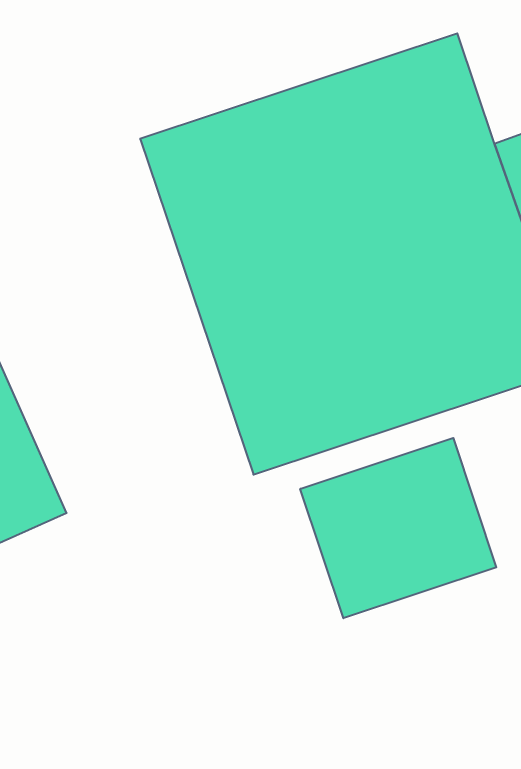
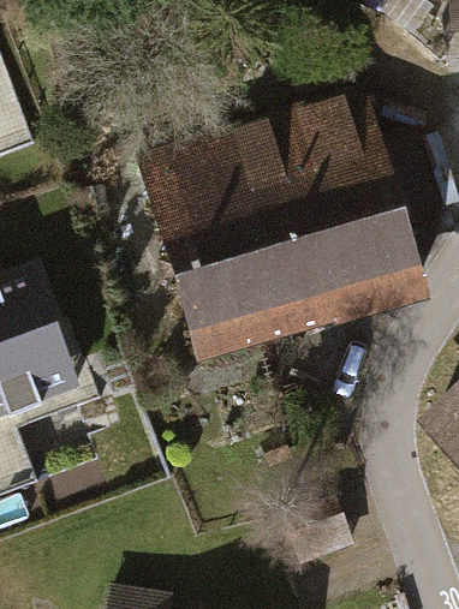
building: [300,438,496,618] -> none

